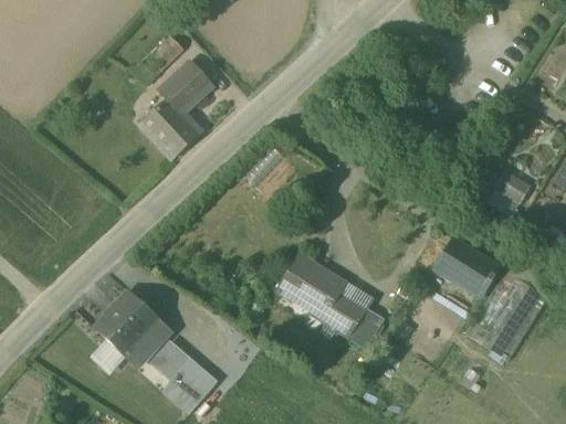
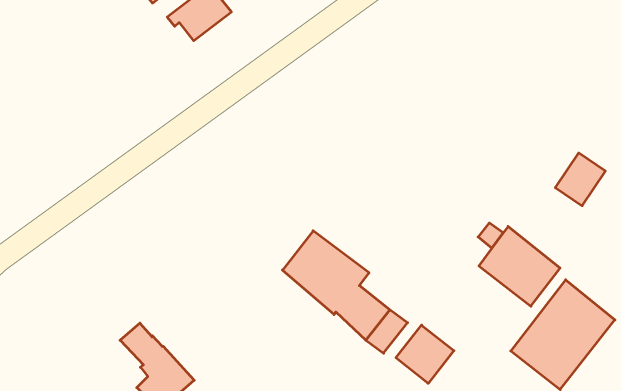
building: [144,99,200,157] -> none
building: [95,294,165,358] -> none
building: none -> [396,325,454,383]

